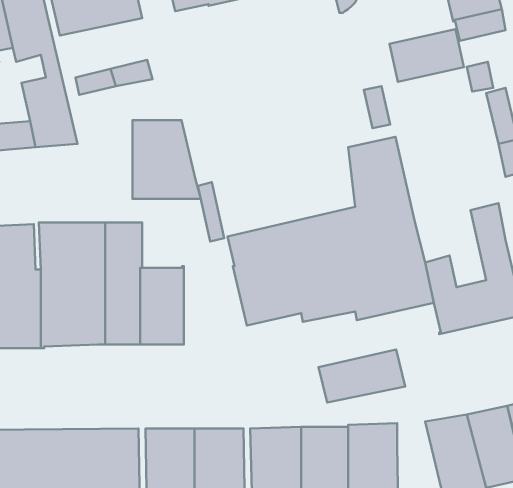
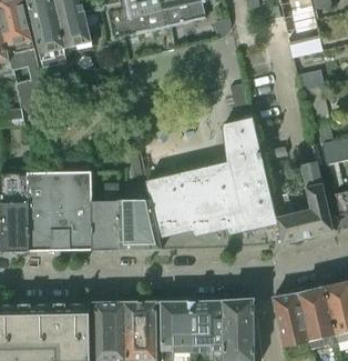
building: [390,29,464,82] -> none
building: [133,120,201,199] -> [119,199,162,249]
building: [319,349,405,403] -> none

